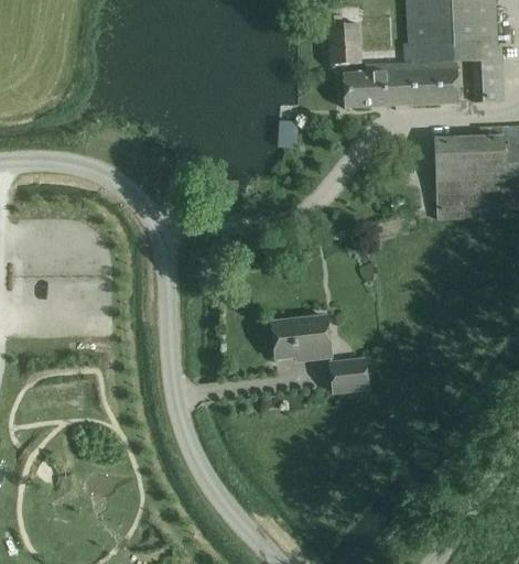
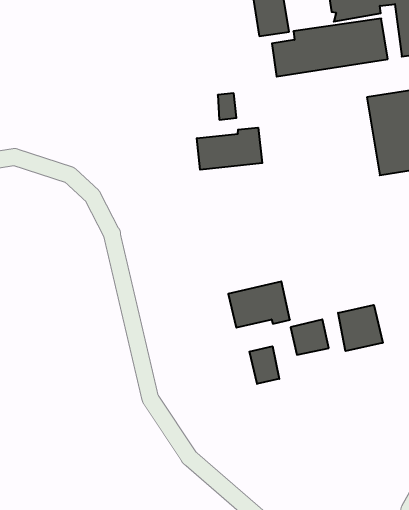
building: none -> [197,128,262,170]
building: none -> [338,305,383,351]
building: none -> [249,346,279,384]

